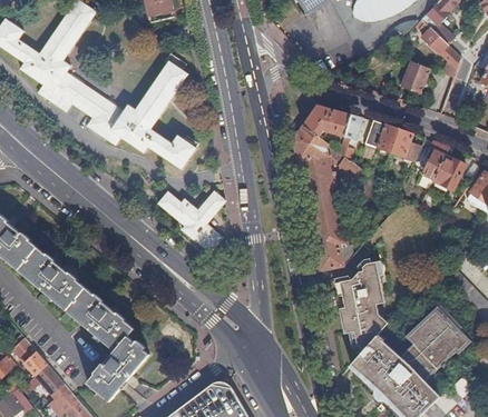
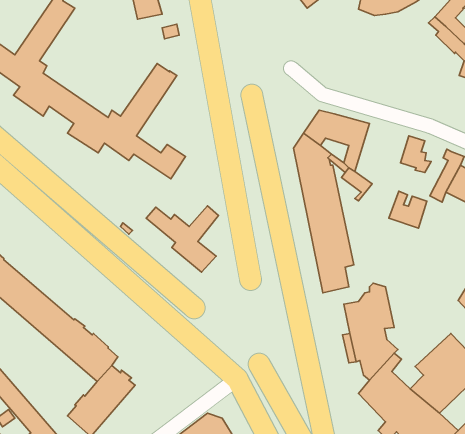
building: [400,61,430,95] -> none
building: [363,120,398,153] -> [389,191,427,228]

